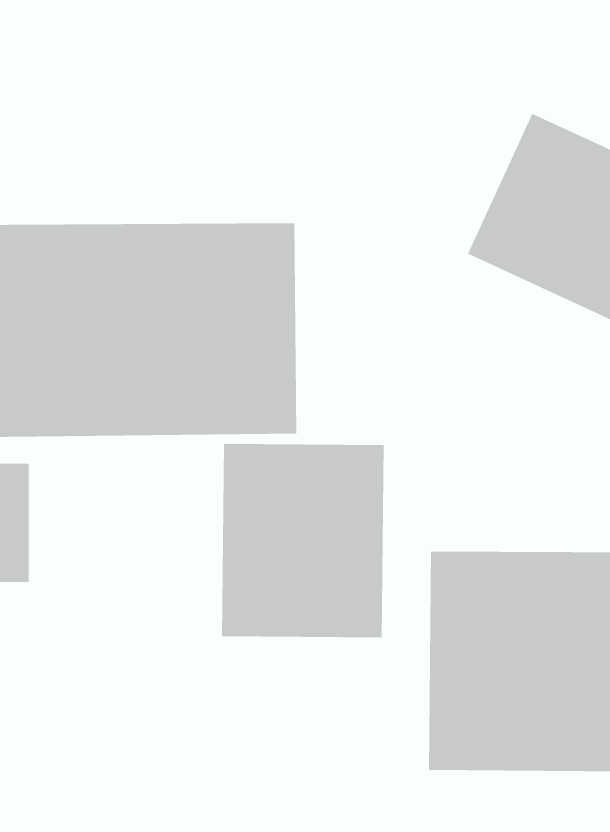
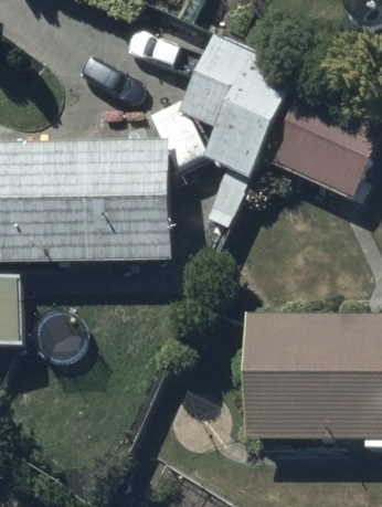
building: none -> [178,29,297,191]
building: [222,443,384,638] -> none

